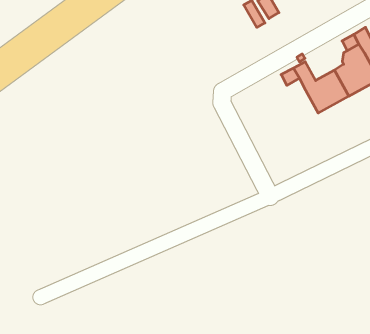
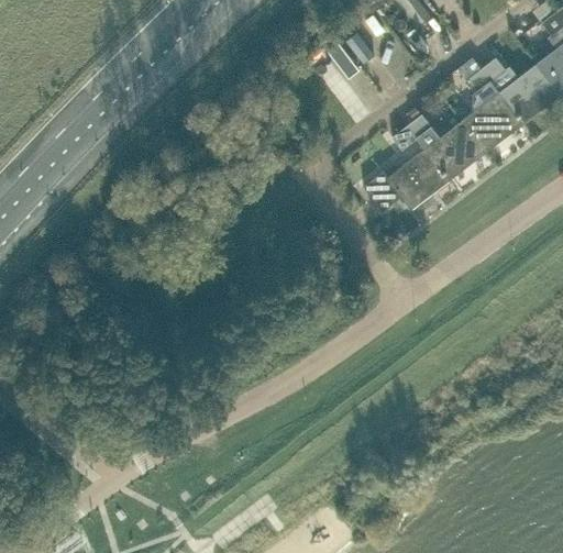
building: none -> [362,147,449,210]

